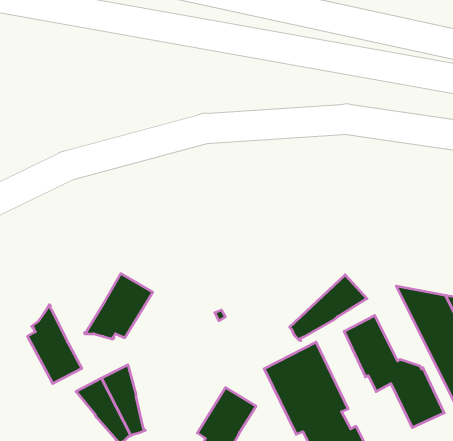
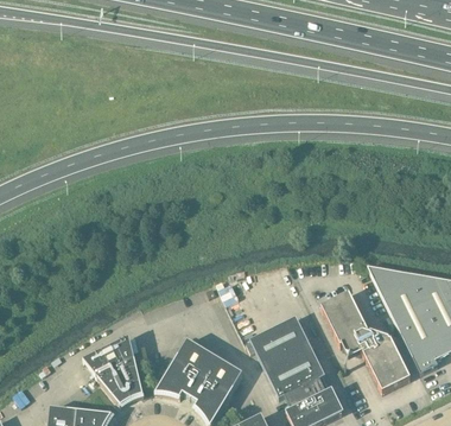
building: [85,274,153,339] -> [154,339,215,398]
building: [290,275,367,341] -> none
building: [28,305,82,384] -> none

